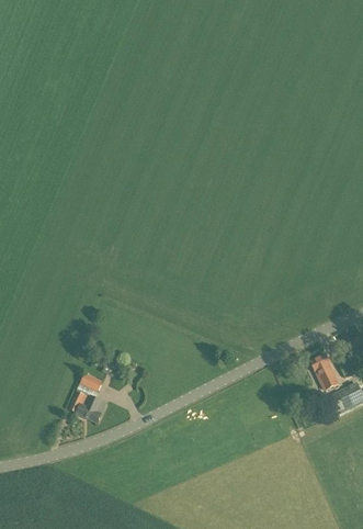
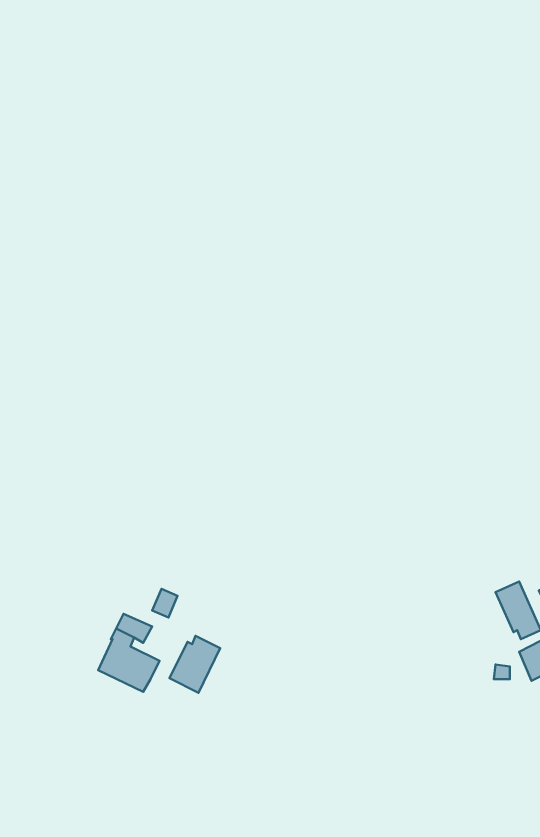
building: none -> [170,636,220,693]

